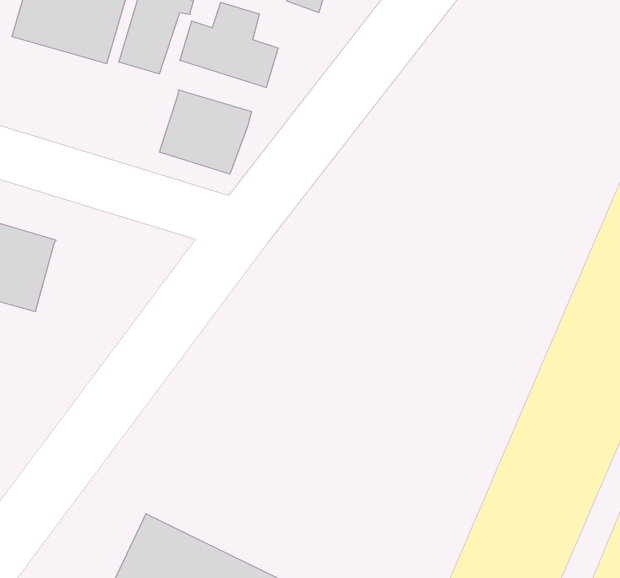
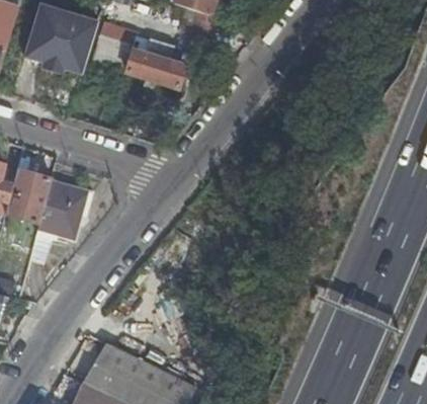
building: [160,90,252,174] -> none
building: none -> [29,180,93,263]

